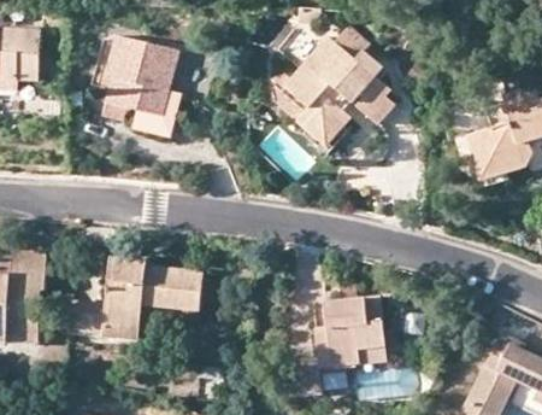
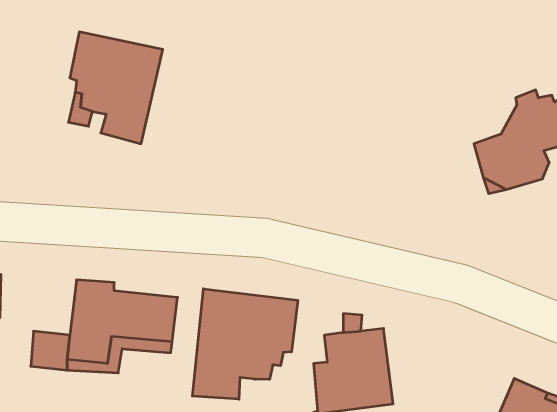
building: [282,34,393,146] -> none
building: none -> [192,289,298,399]

